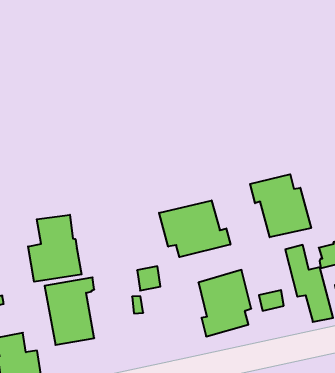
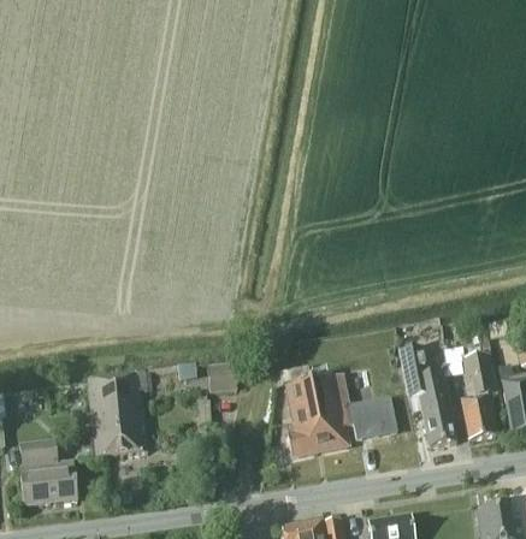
building: [250,174,311,237] -> none
building: [159,200,230,257] -> none
building: [28,215,82,282] -> none

